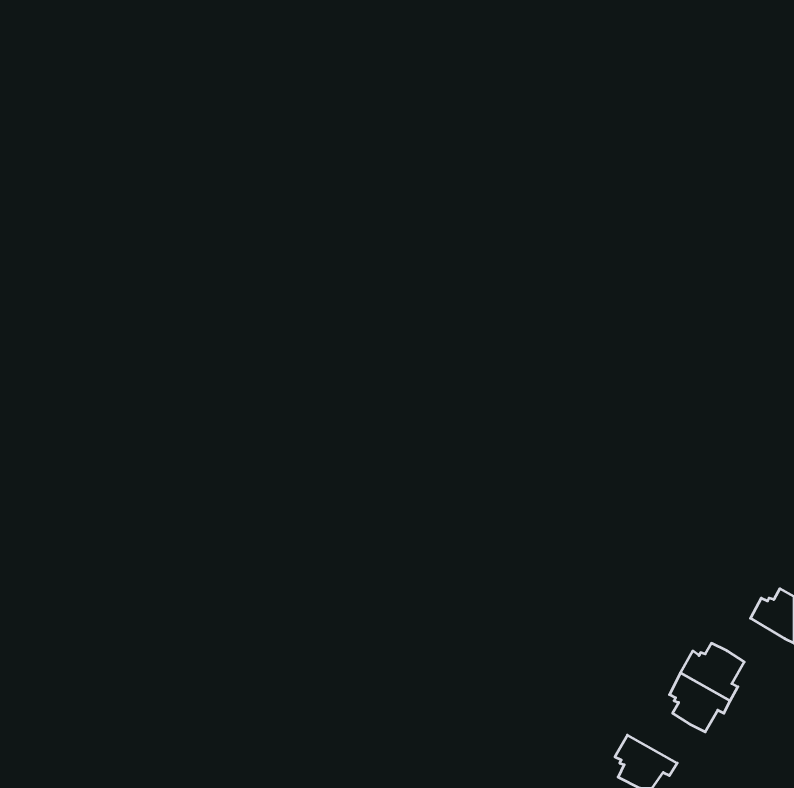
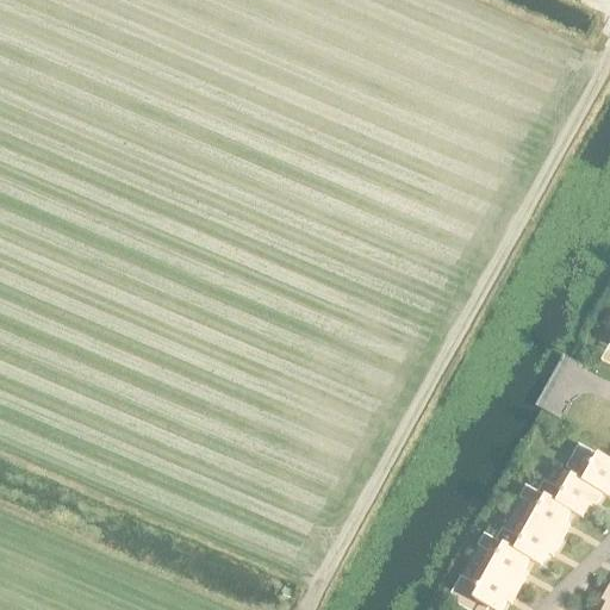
building: none -> [554,467,600,512]
building: none -> [480,540,528,584]

